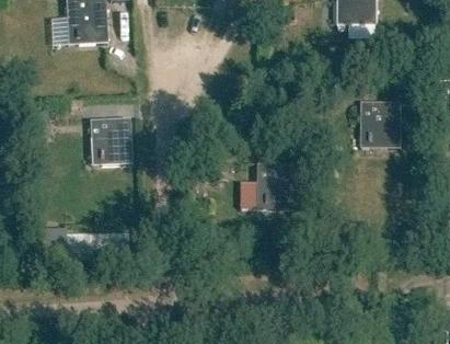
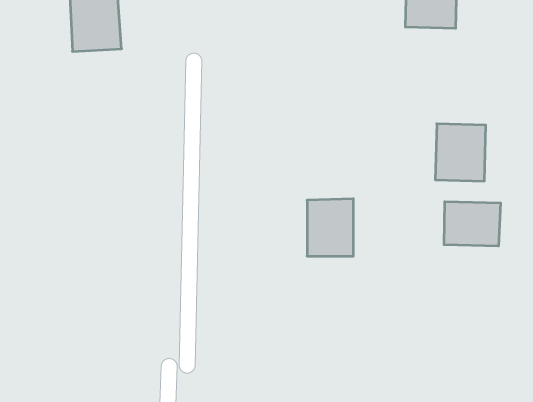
building: [90,116,131,163] -> none
building: none -> [444,202,501,246]

